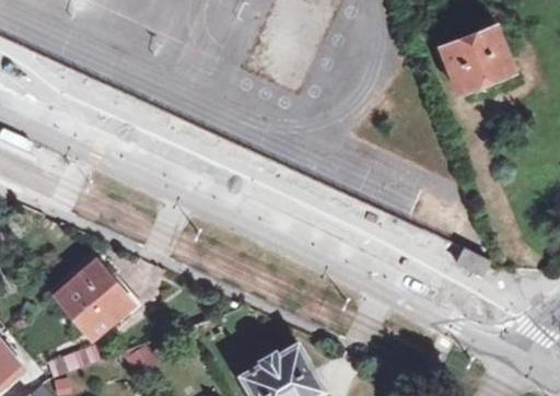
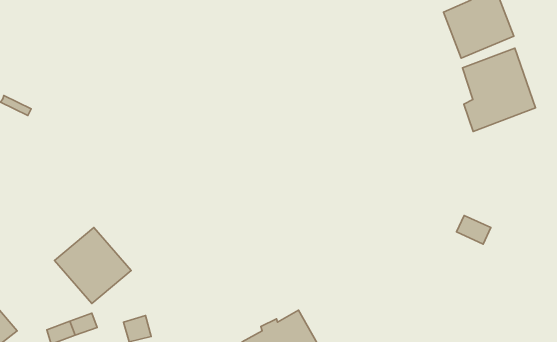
building: none -> [463,48,535,132]

